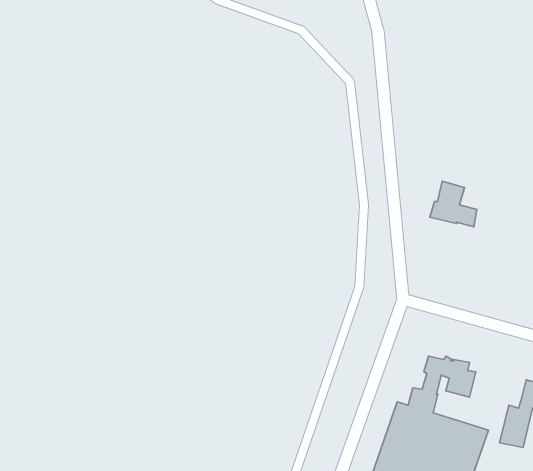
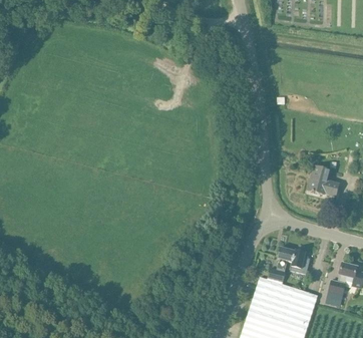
building: [430,181,477,227] -> [308,166,338,196]

